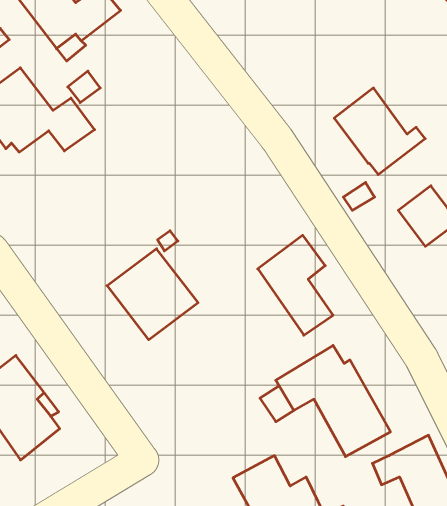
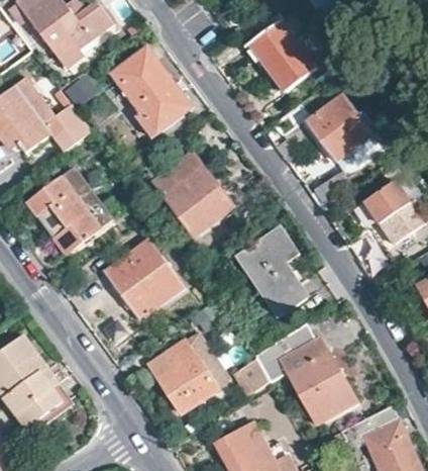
building: none -> [248,18,316,91]
building: none -> [109,45,192,136]
building: none -> [151,153,231,234]
building: none -> [26,166,111,253]
building: none -> [149,331,231,410]

